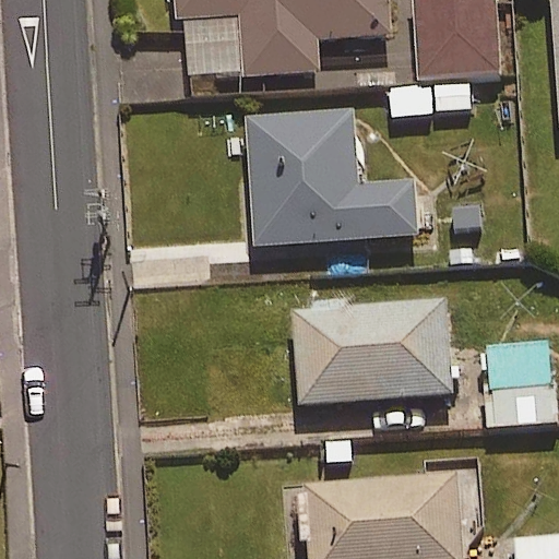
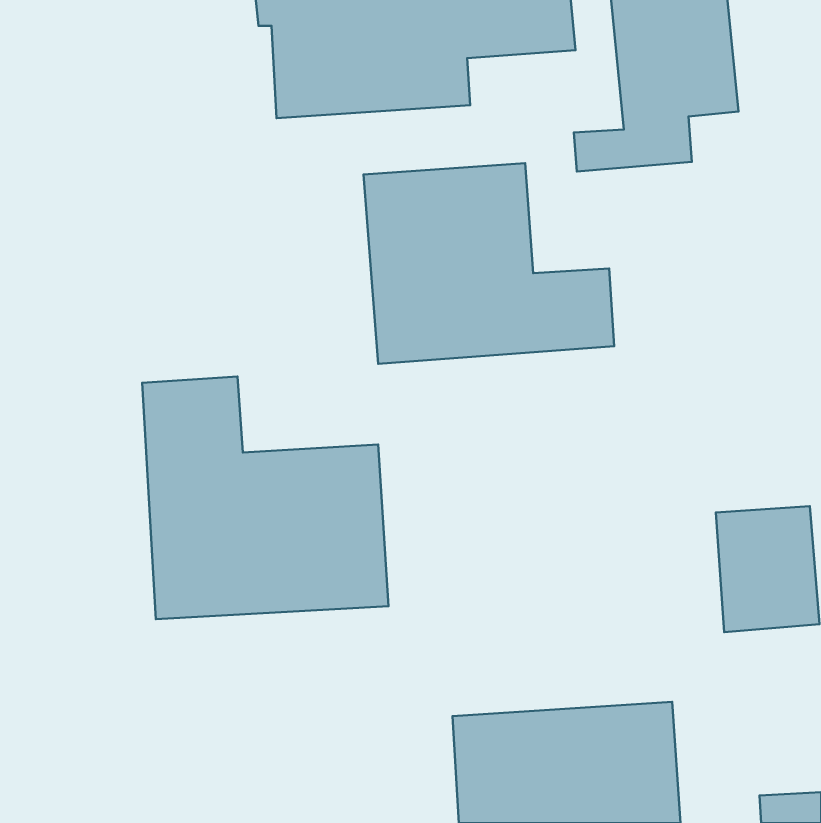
building: none -> [142,377,388,619]
building: [293,300,450,402] -> none

